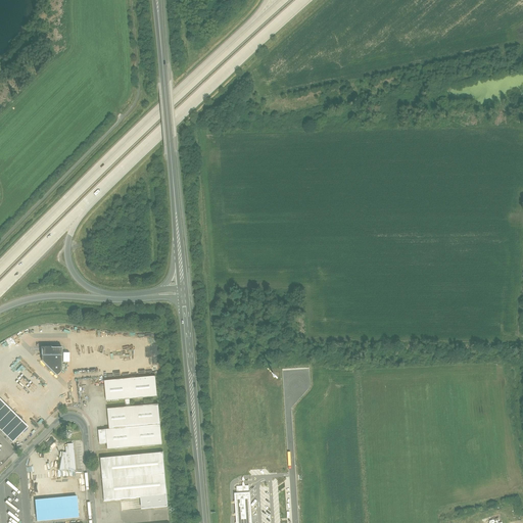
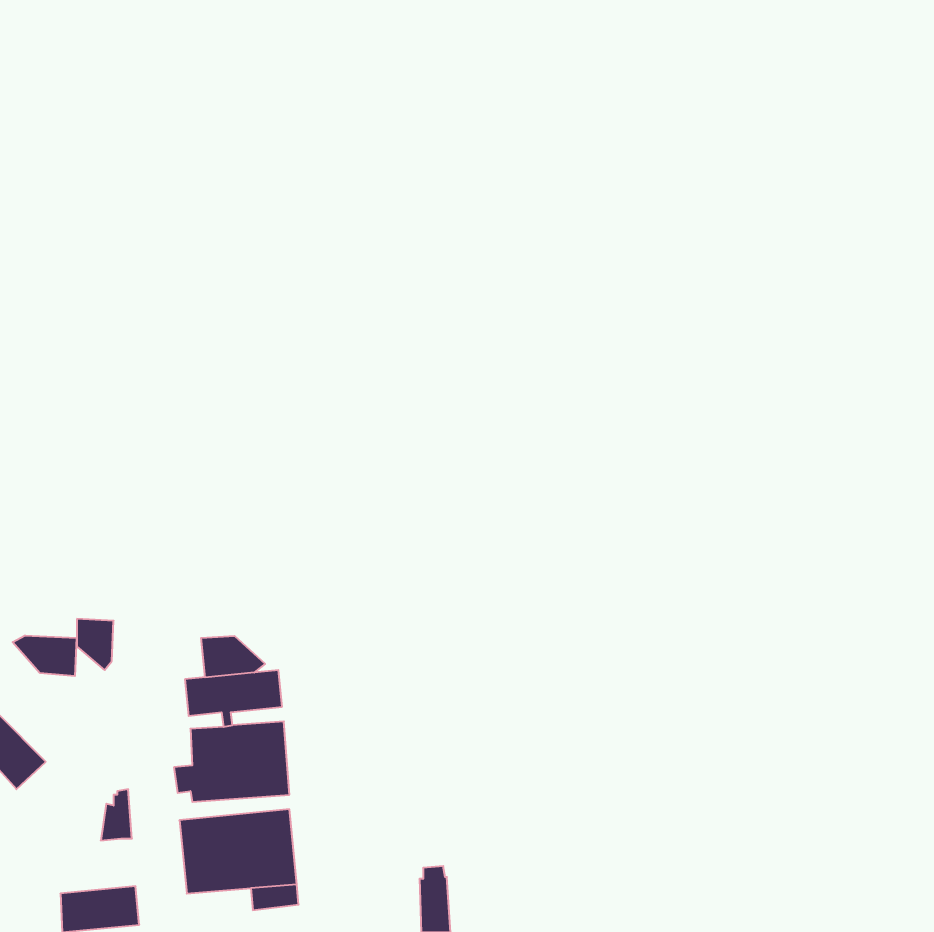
building: none -> [13,635,76,676]
building: none -> [201,636,265,677]

